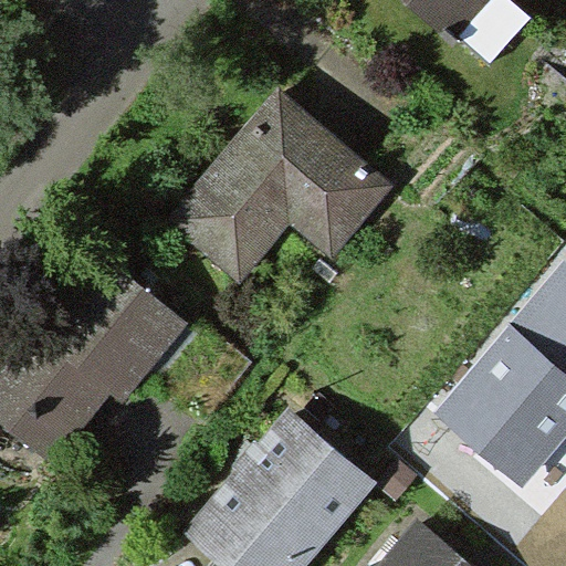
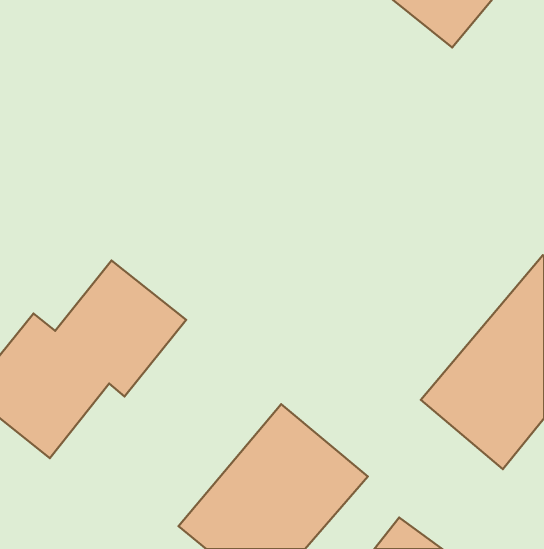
building: [167,88,399,286] -> none

